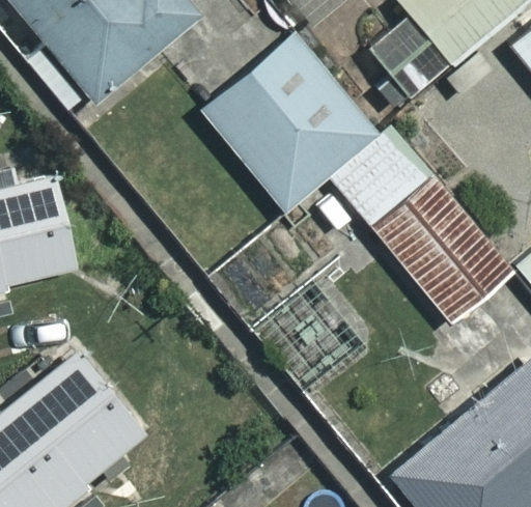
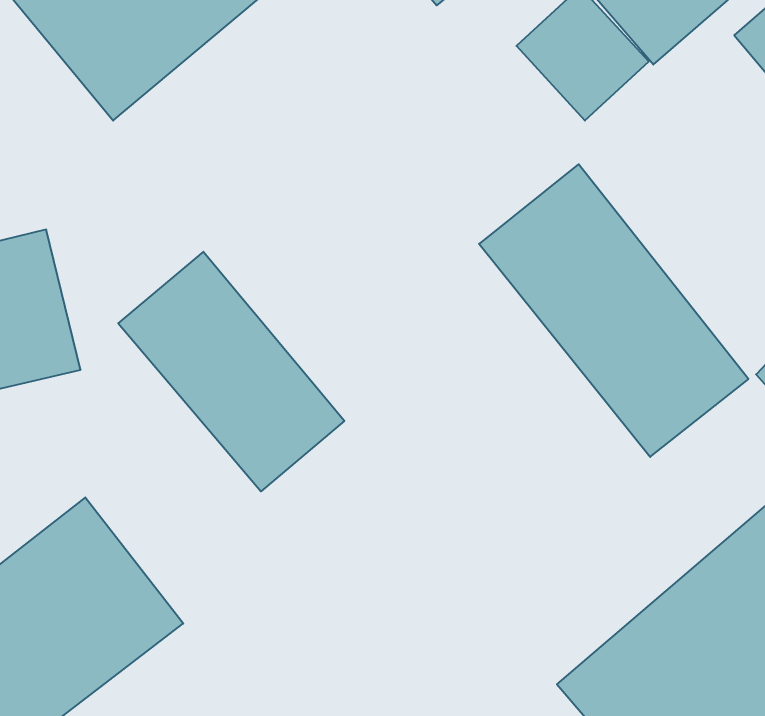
building: [201,32,379,212] -> none
building: none -> [118,252,344,491]

